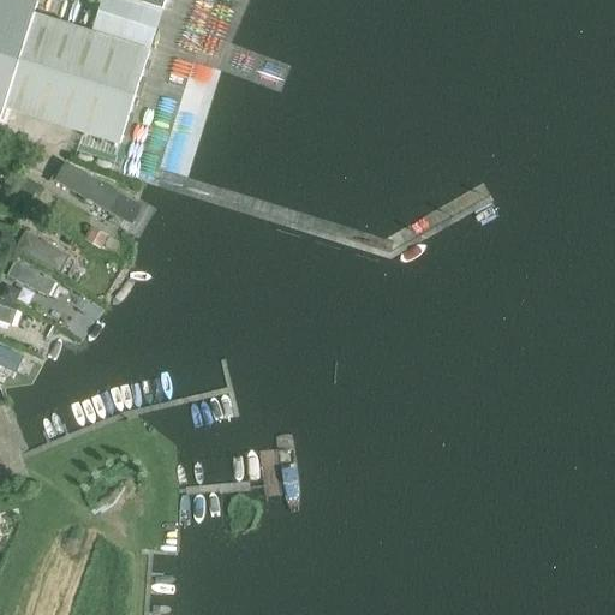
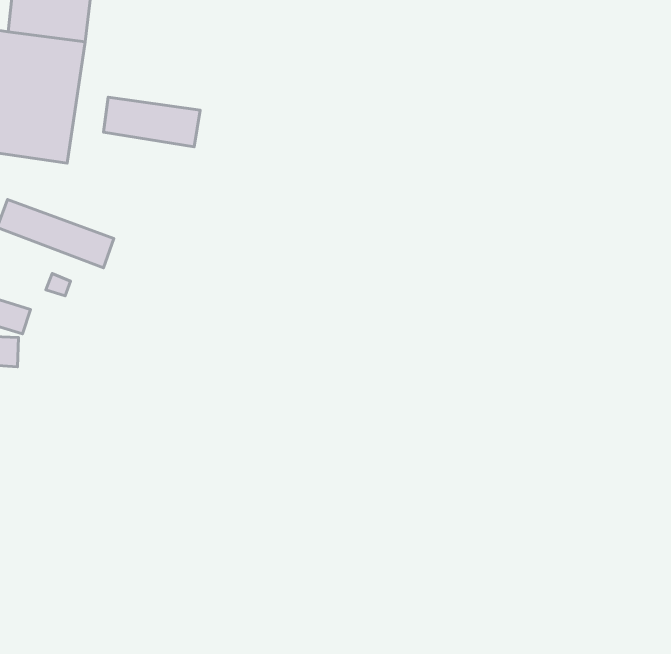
building: none -> [103,97,200,147]

